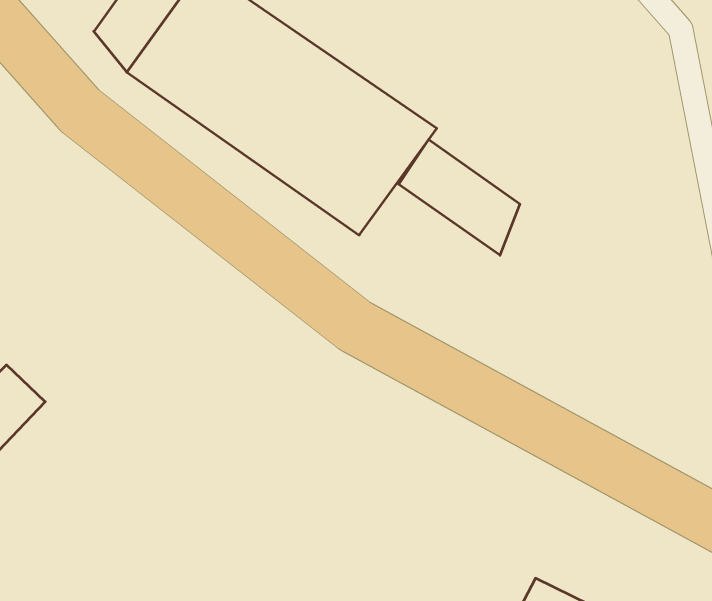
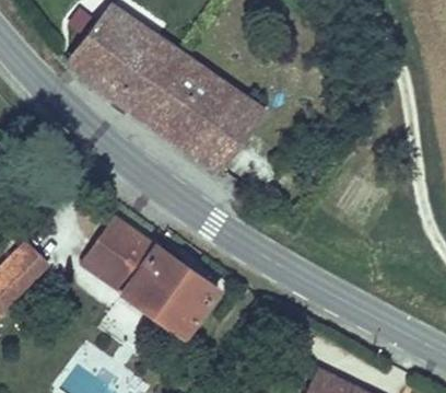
building: [399,139,520,255] -> none
building: none -> [82,216,220,338]

